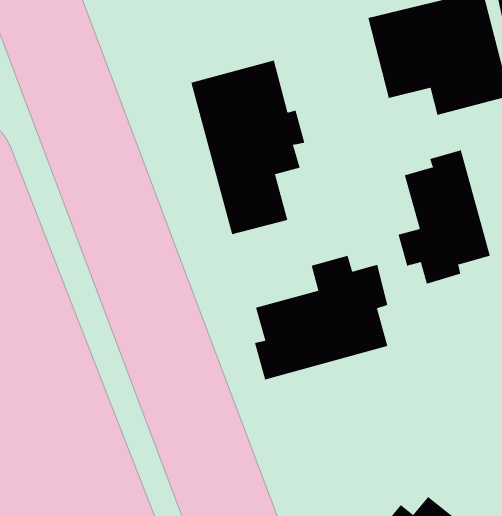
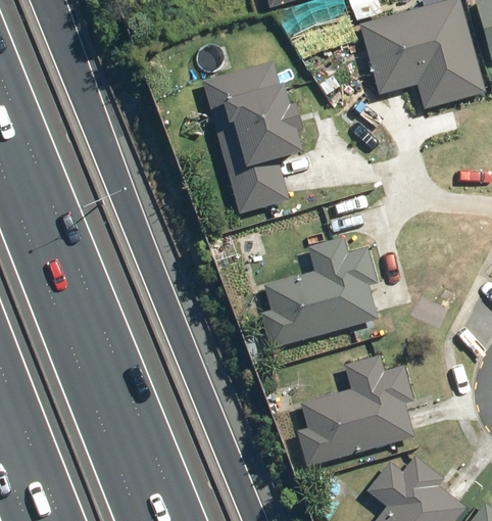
building: [398,150,491,284] -> none
building: none -> [294,350,414,467]

